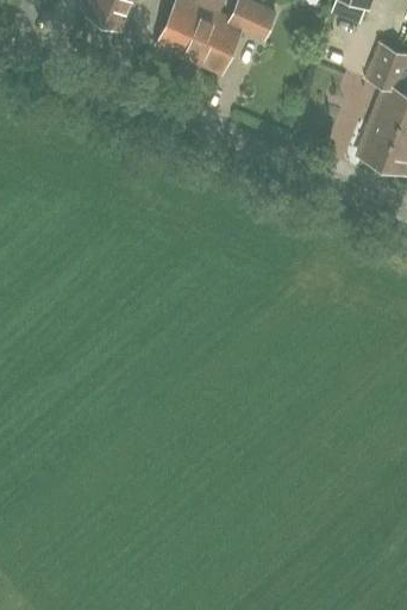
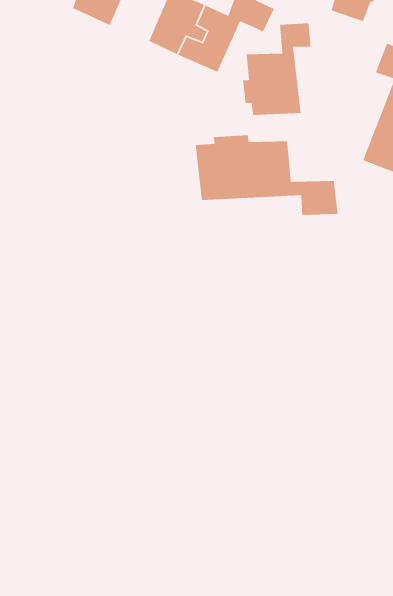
building: none -> [242,23,312,116]
building: none -> [195,135,339,216]

